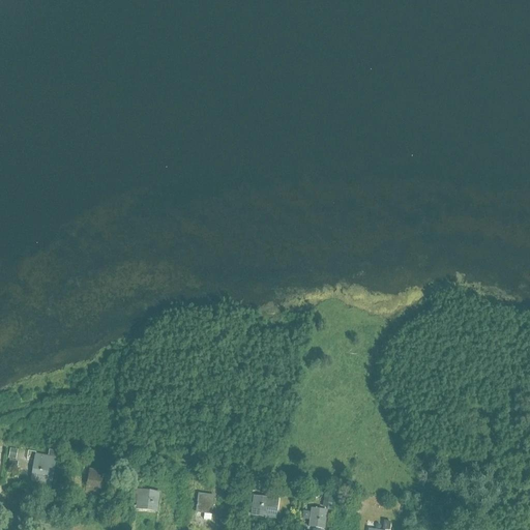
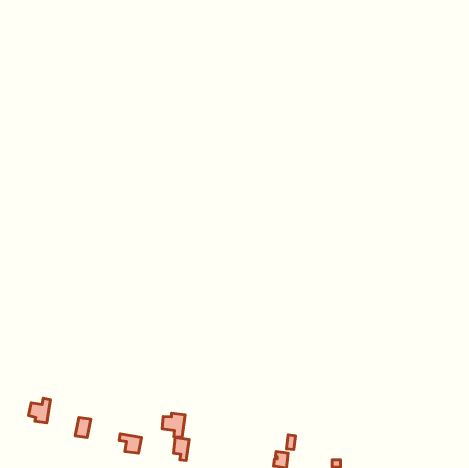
building: none -> [162,413,185,437]
building: [251,496,277,517] -> none

